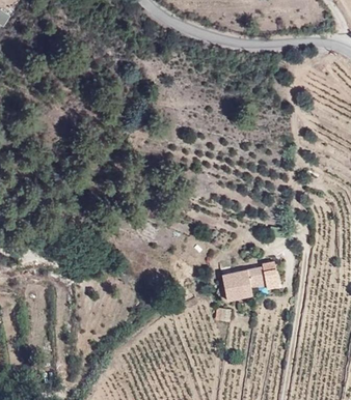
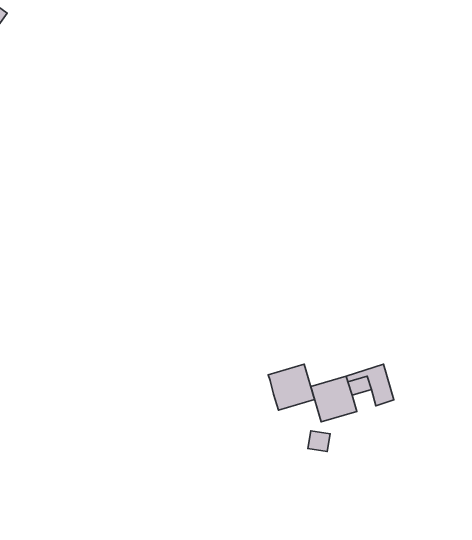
building: none -> [268,364,315,410]

